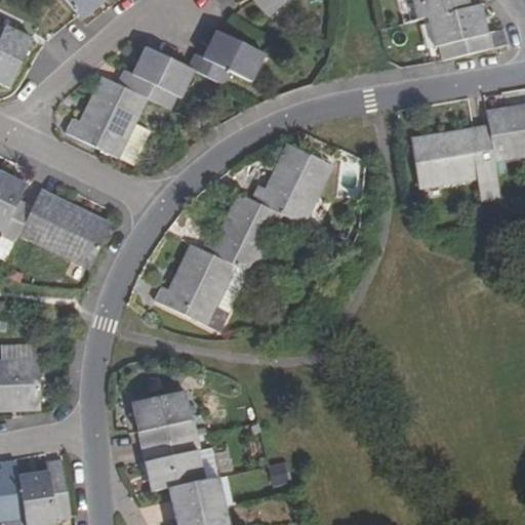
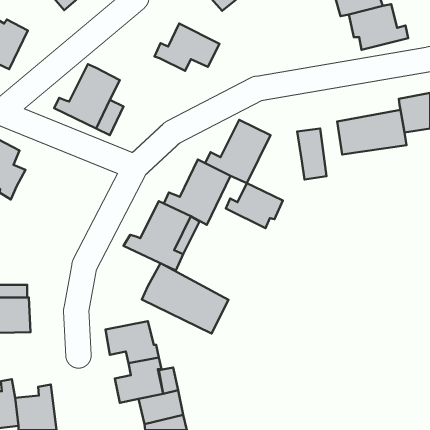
building: [116,47,194,108] -> none
building: none -> [297,128,327,180]
building: [21,187,108,258] -> none
building: none -> [226,183,283,228]
building: none -> [142,263,228,334]

